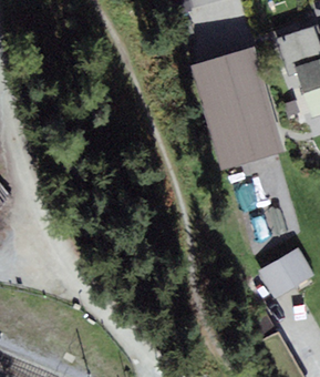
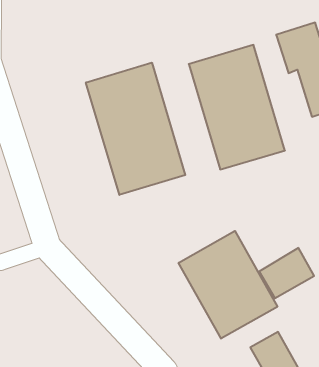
building: none -> [86,63,185,195]
building: none -> [179,231,277,339]

